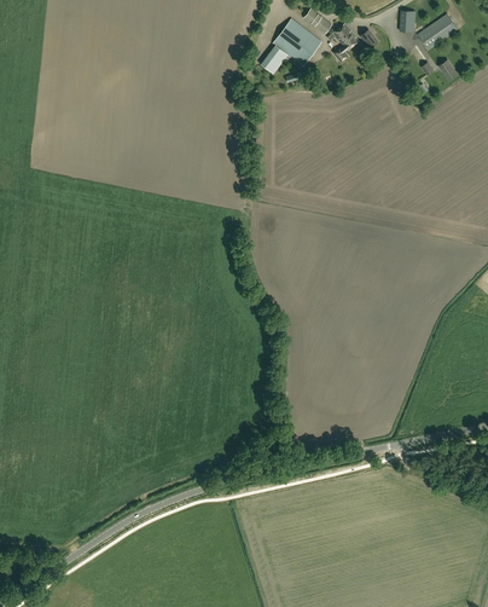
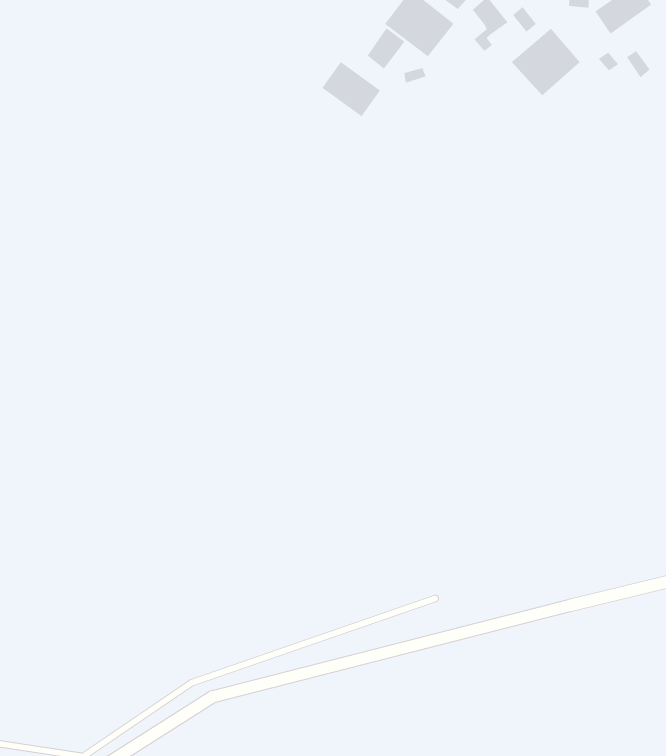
building: none -> [511,28,581,96]
building: none -> [322,61,381,117]

